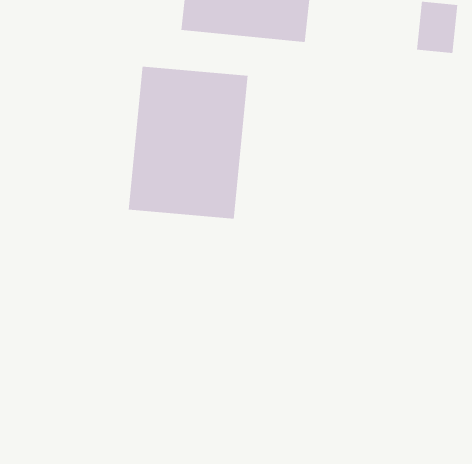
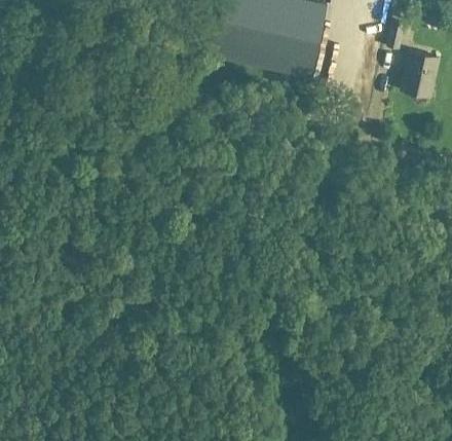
building: [128,66,248,220] -> none

